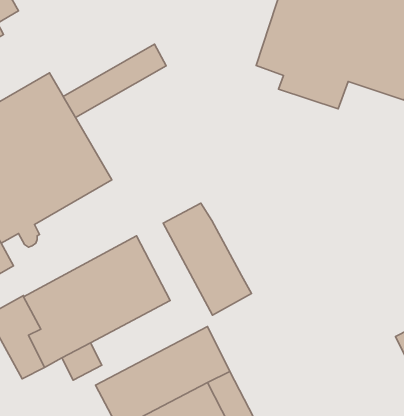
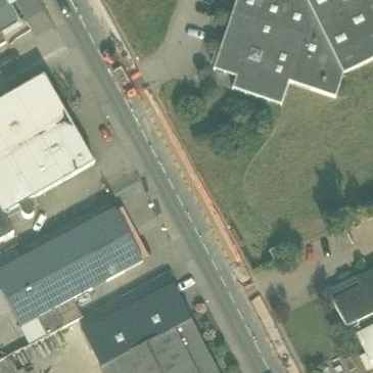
building: [63,44,166,117] -> none
building: [163,203,251,315] -> none

